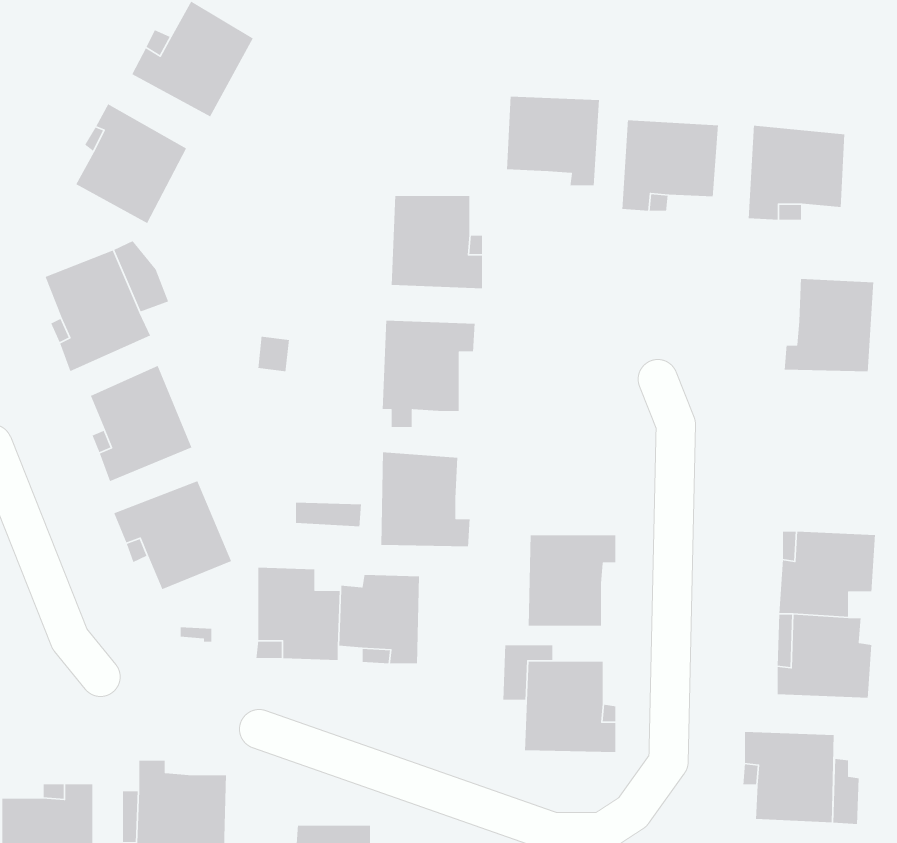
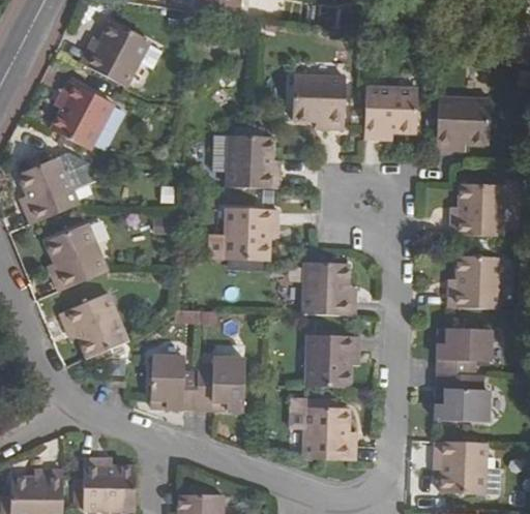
building: none -> [452,255,506,311]
building: [380,452,471,547] -> [299,261,351,315]

